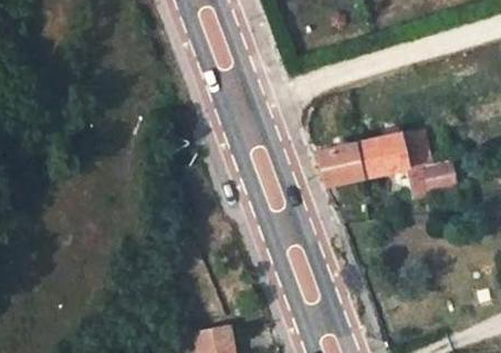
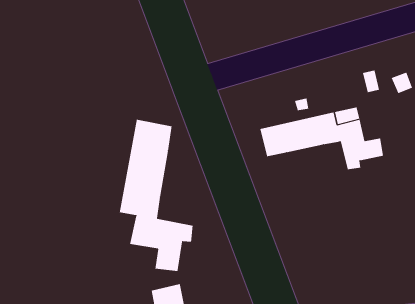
building: none -> [119,119,193,272]

